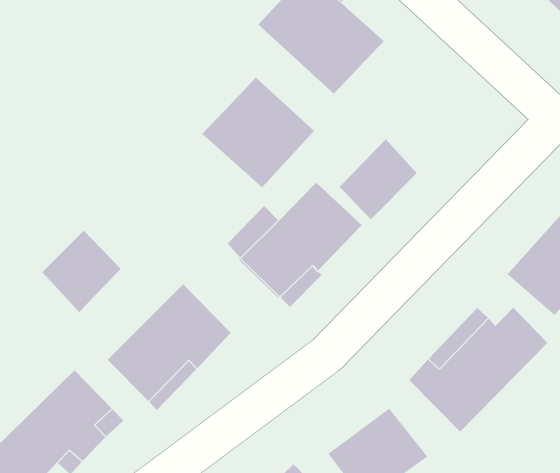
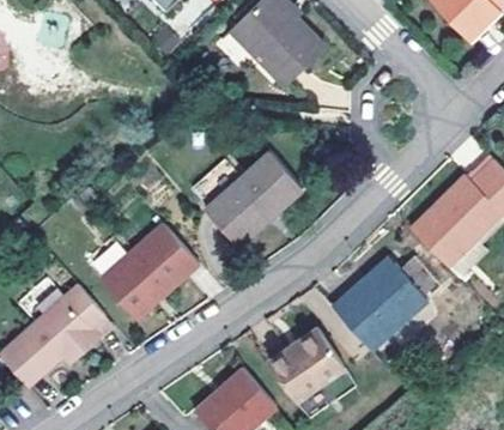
building: [202,77,315,188] -> none
building: [339,139,418,220] -> none
building: [41,230,122,313] -> none

